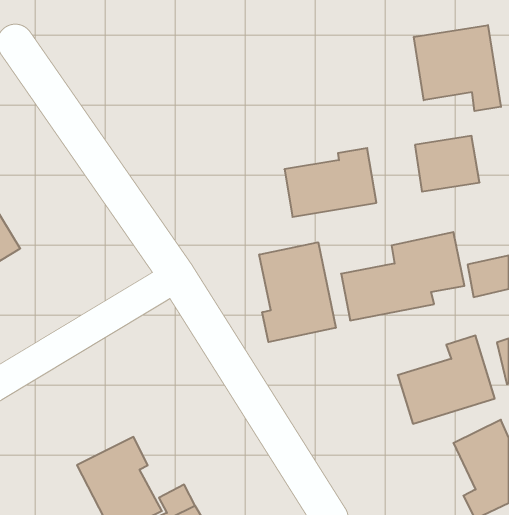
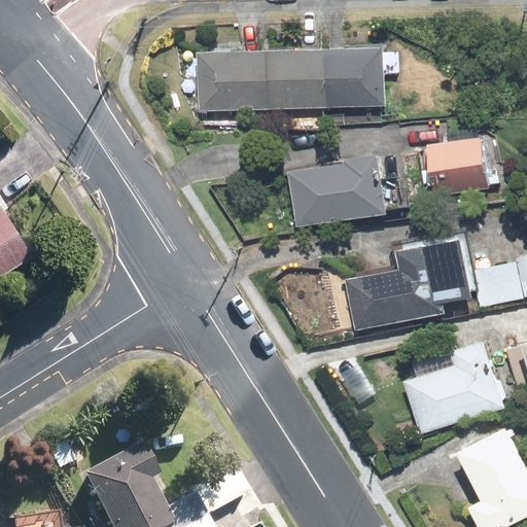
building: [414,25,501,111] -> none
building: none -> [200,48,381,105]
building: [259,242,336,342] -> none

